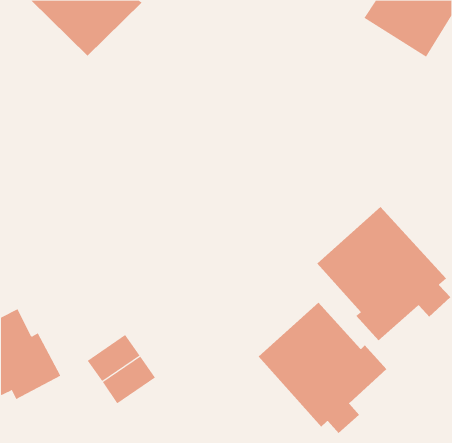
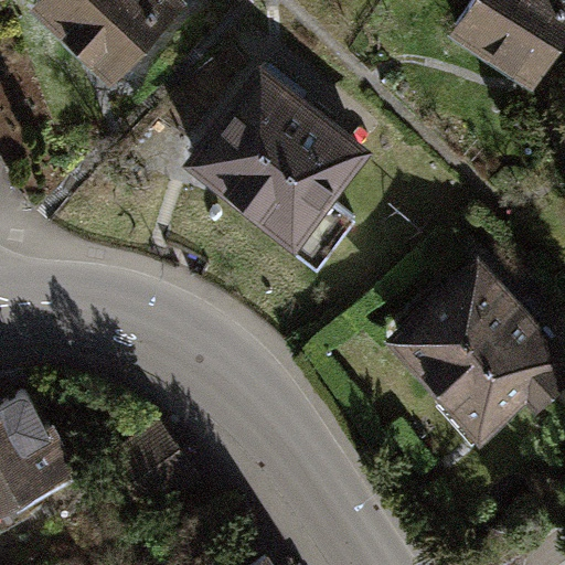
building: none -> [191,74,361,241]
building: [258,302,387,434] -> none

